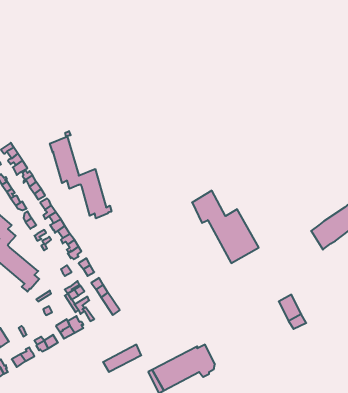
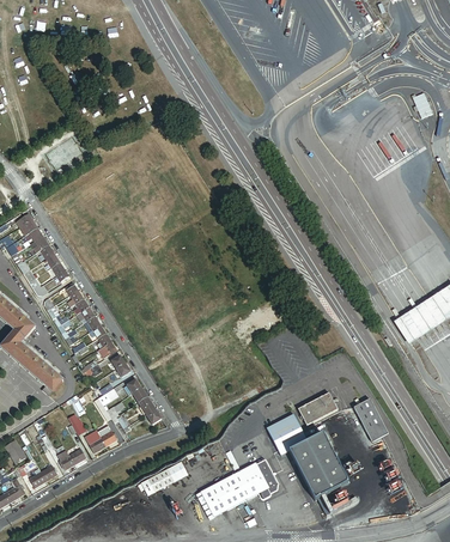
building: [50,131,111,218] -> none
building: [192,191,259,263] -> [267,413,348,501]
building: none -> [298,392,338,425]

